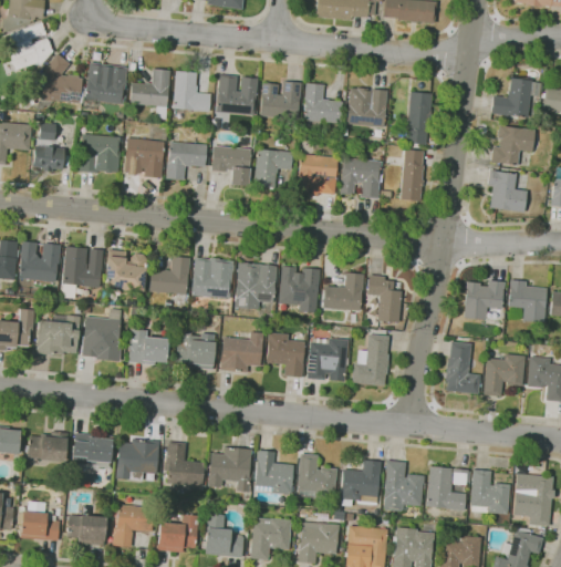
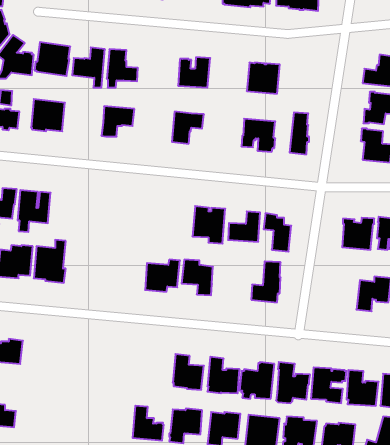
building: [212,74,258,116] -> none
building: [303,83,342,127] -> none
building: [406,92,432,143] -> none
building: [124,128,166,177] -> none
building: [212,145,251,185] -> none
building: [299,154,337,196] -> none
building: [104,249,146,291] -> none
building: [149,256,189,295] -> none
building: [191,257,233,299] -> none
building: [235,262,277,310] -> none
building: [128,329,168,364] -> none
building: [175,331,215,370] -> none
building: [307,338,349,381] -> none
building: [445,341,480,394] -> none
building: [71,433,113,470] -> none
building: [115,439,159,480] -> none
building: [164,441,204,485] -> none
building: [209,446,251,491] -> none
building: [113,504,154,546] -> none
building: [66,514,106,545] -> none
building: [157,514,200,551] -> none

